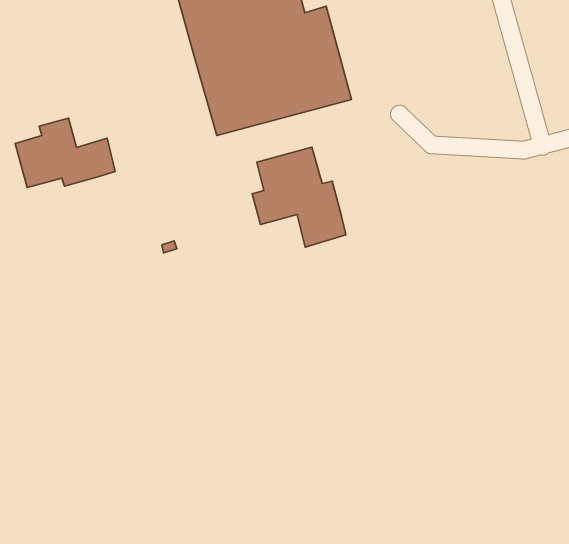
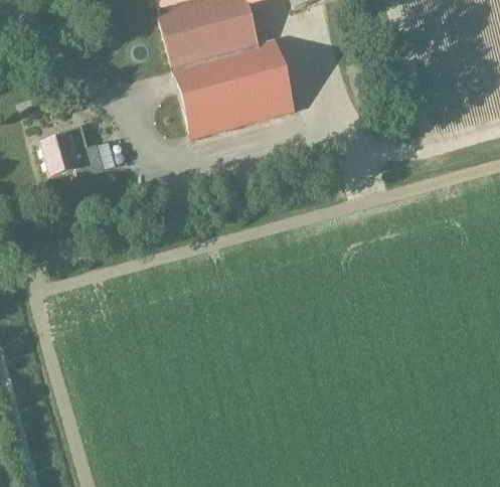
building: [252,147,346,247] -> none

